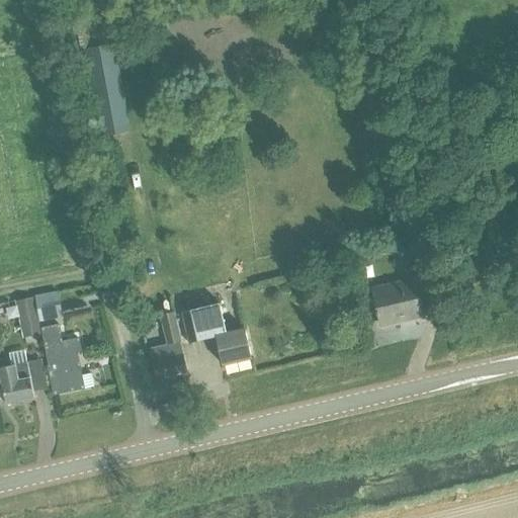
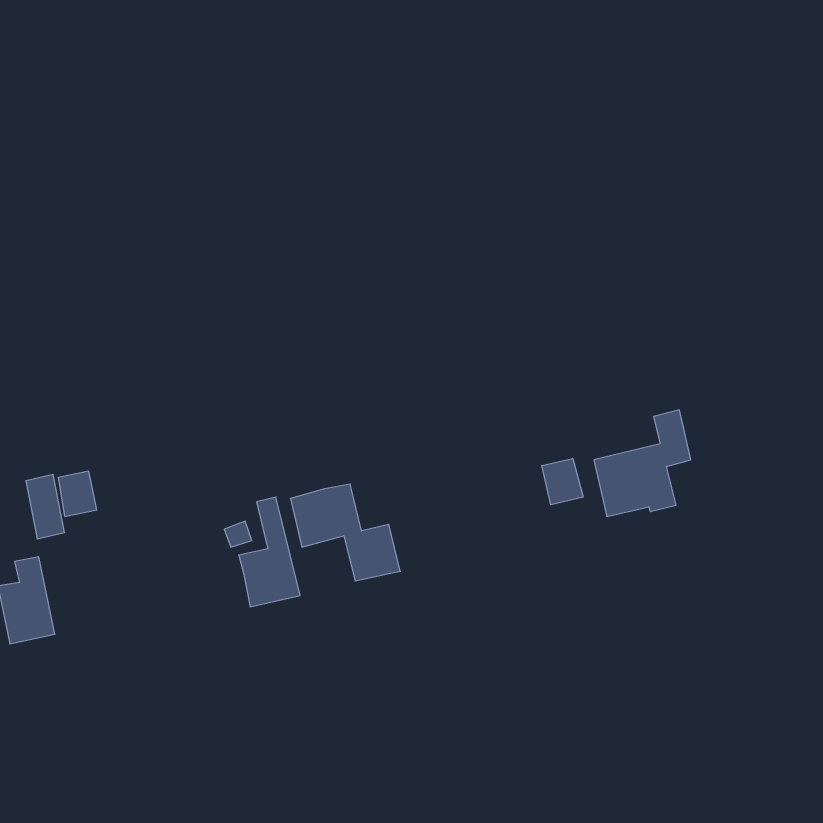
building: [83,42,126,134] -> none
building: none -> [542,458,583,505]
building: [41,327,94,394] -> none

